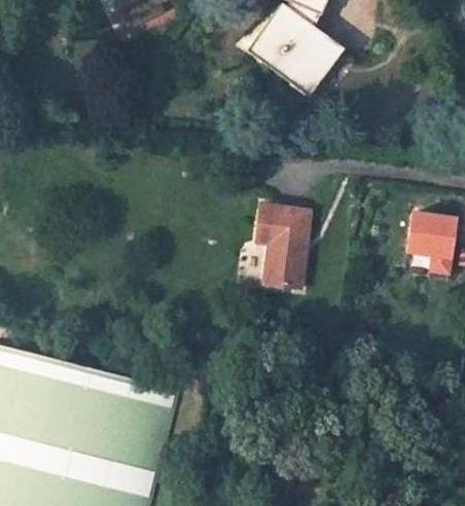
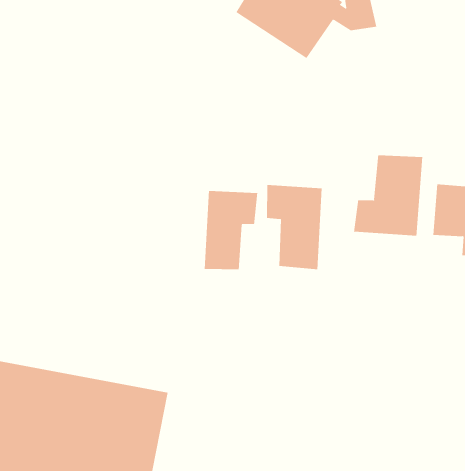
building: none -> [353,154,423,236]
building: none -> [204,190,258,270]

